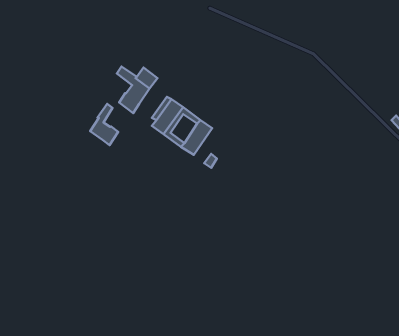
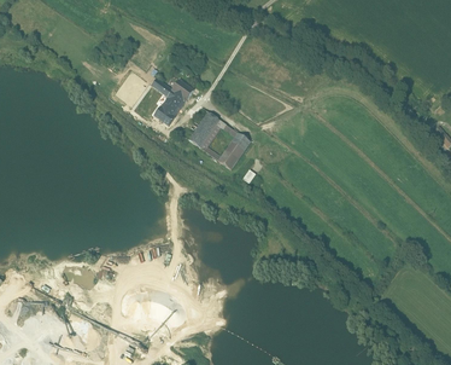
building: [90,104,118,145] -> none

